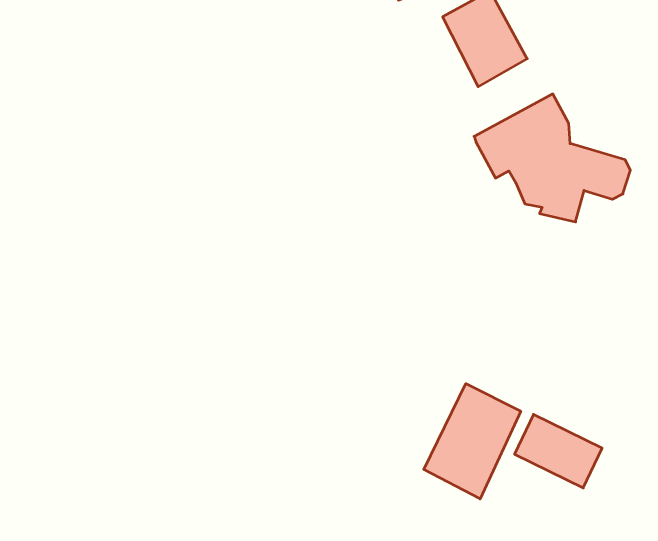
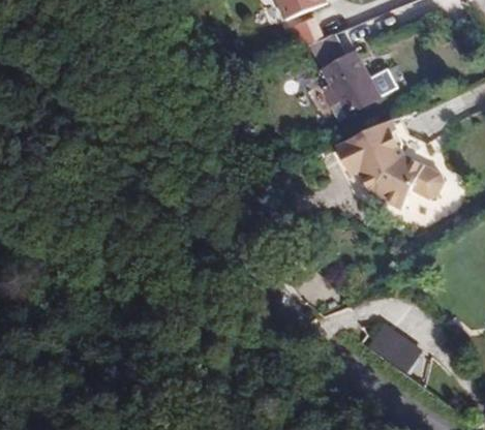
building: [424,384,521,499] -> none

